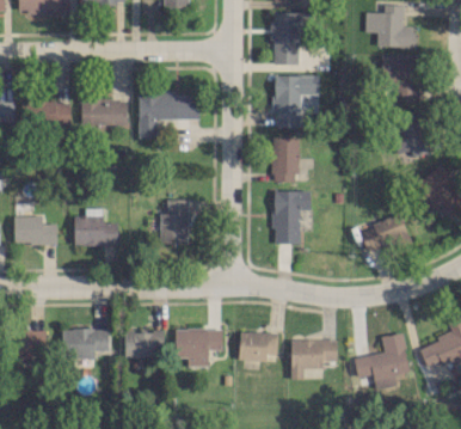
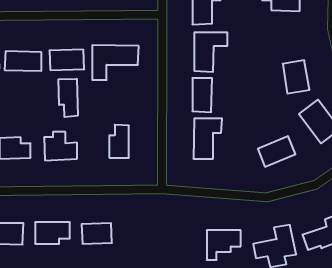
building: [382,54,419,103] -> none
building: none -> [58,79,78,117]
building: [176,329,225,366] -> none
building: [239,331,277,361] -> none

